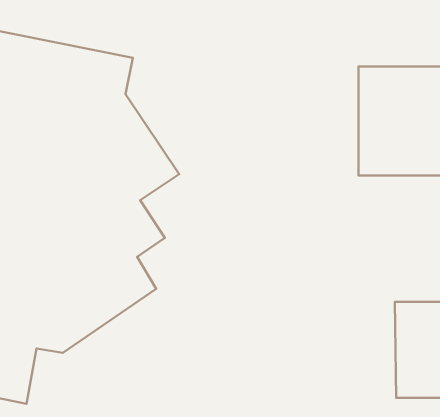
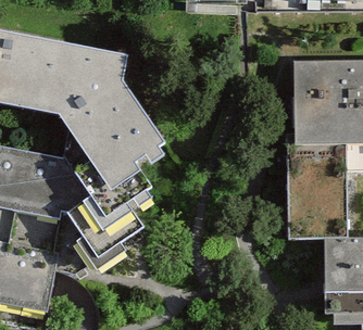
building: none -> [290,143,351,238]

